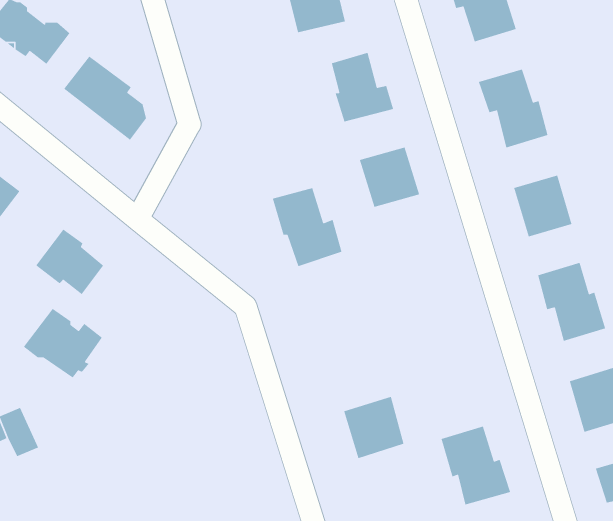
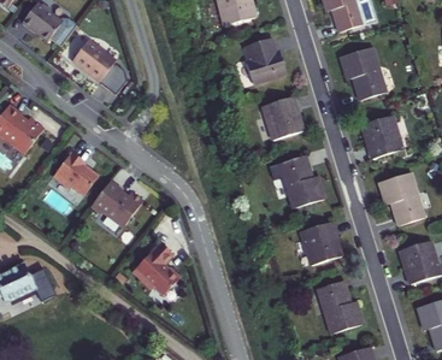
building: [272,187,342,267] -> [279,155,325,207]
building: [23,308,103,379] -> [92,181,143,226]
building: none -> [132,242,181,295]
building: [343,396,404,459] -> [301,222,341,262]

